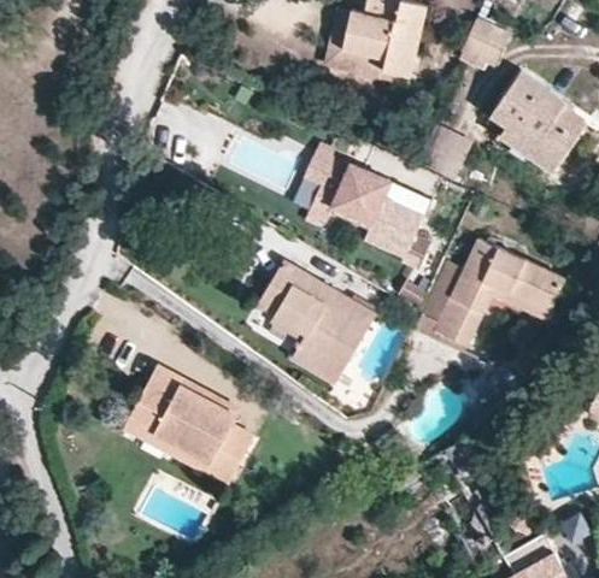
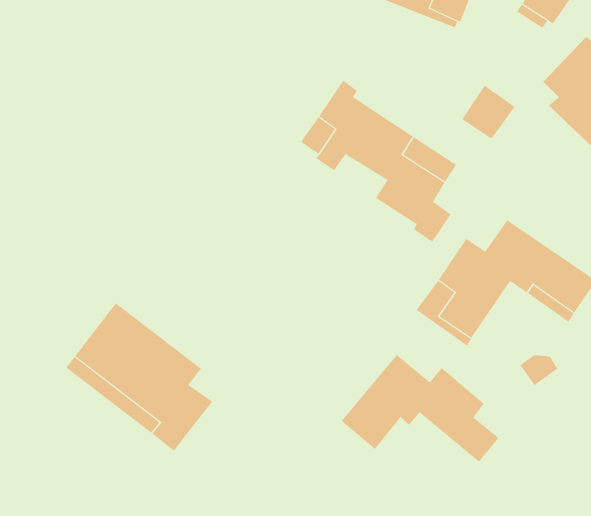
building: [257,261,375,383] -> none
building: none -> [341,354,499,462]

